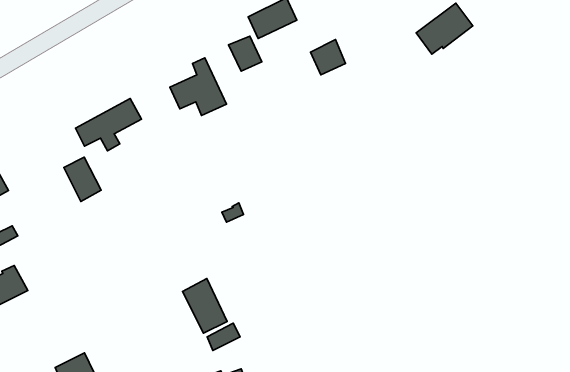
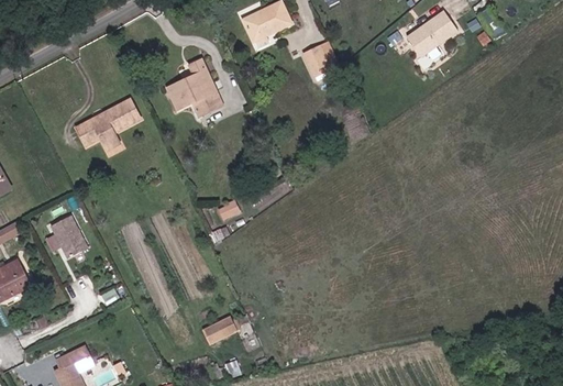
building: [228,36,262,71] -> none
building: [64,157,101,201] -> [51,216,87,258]
building: [182,279,227,333] -> none

